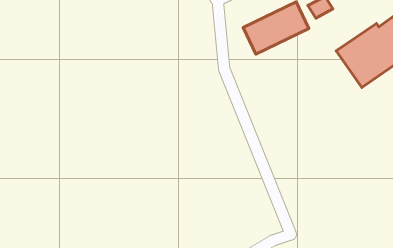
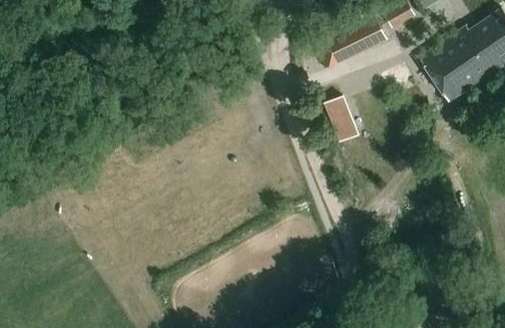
building: none -> [328,92,359,138]

